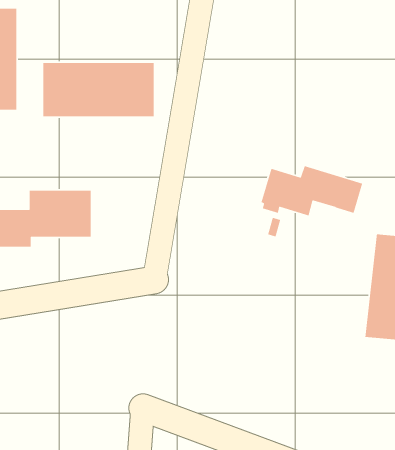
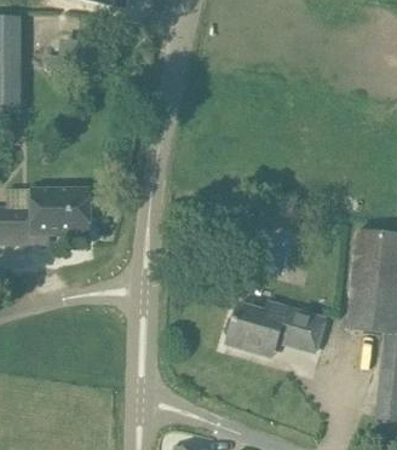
building: [43,62,155,117] -> none
building: [261,165,363,217] -> [226,302,323,351]

